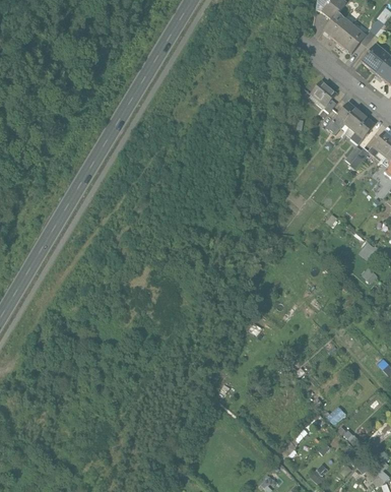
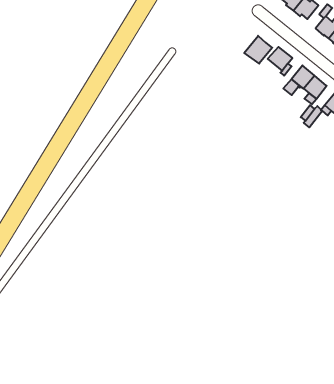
building: none -> [244,36,272,64]

